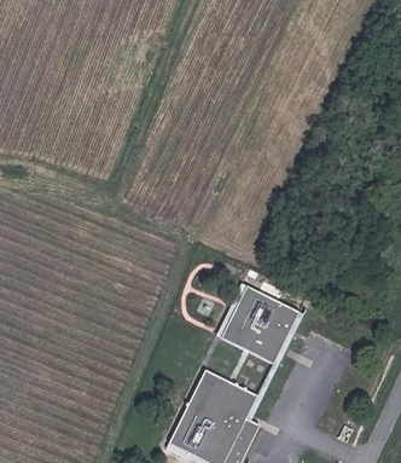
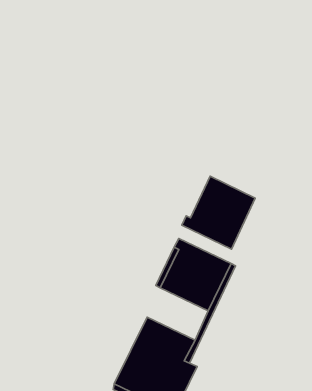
building: none -> [182,176,255,249]

